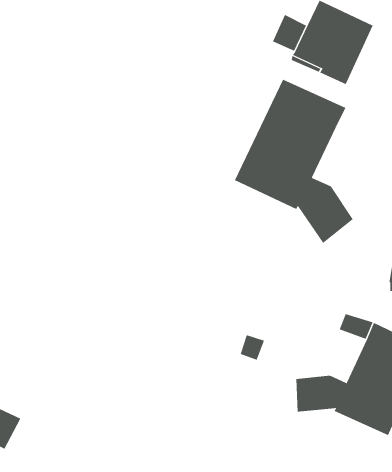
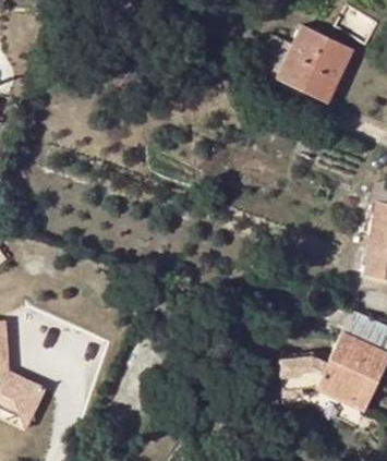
building: [234,79,354,244] -> none

